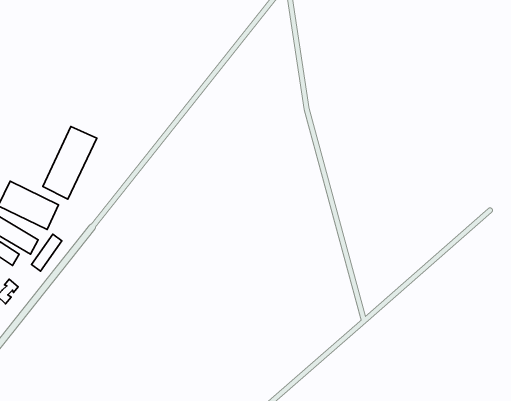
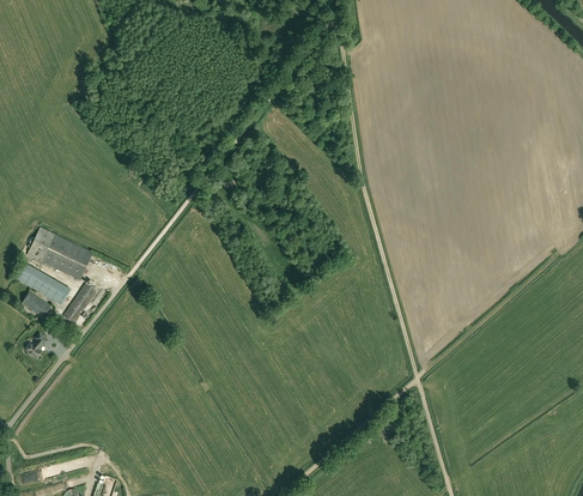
building: [43,126,97,199] -> none

